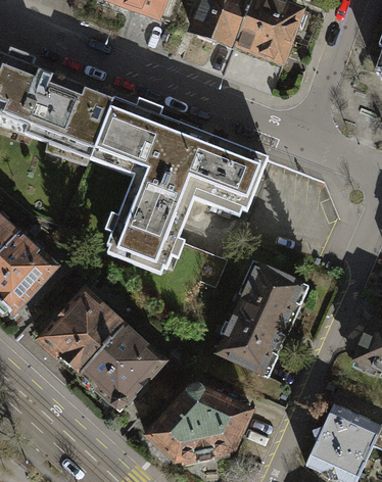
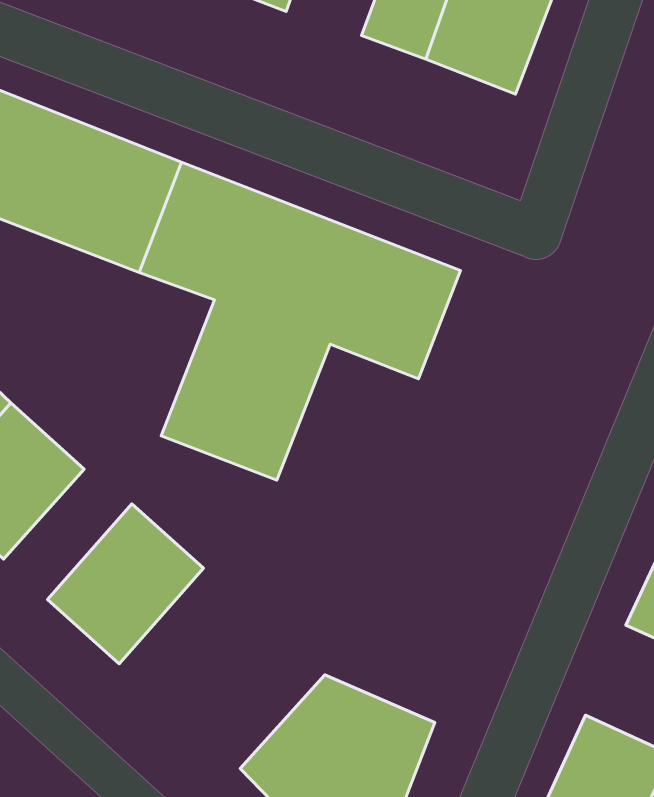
building: [211,258,307,376] -> none
building: [76,324,161,412] -> none

